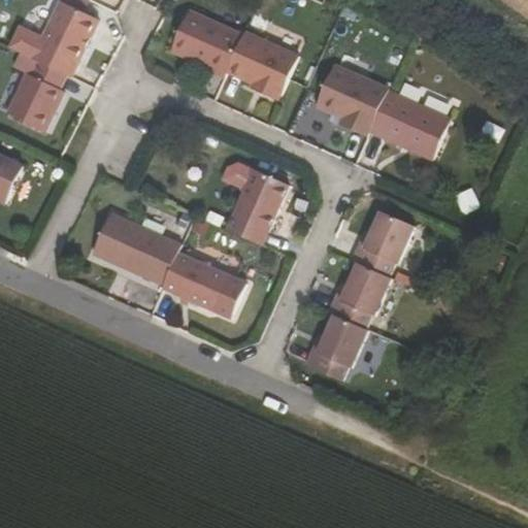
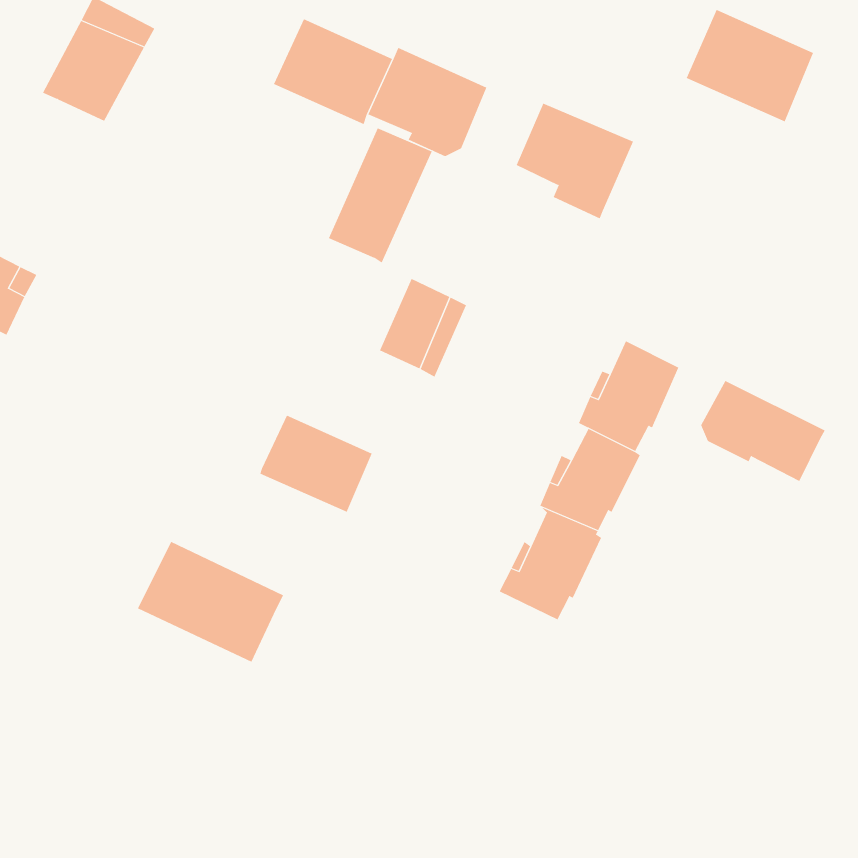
building: [4,61,64,133] -> none
building: none -> [328,128,433,263]
building: [369,87,448,156] -> [686,9,814,122]
building: [90,212,179,287] -> [137,541,284,663]
building: none -> [700,380,825,482]

